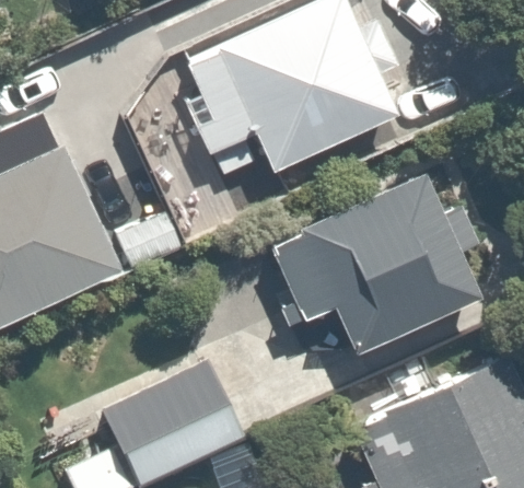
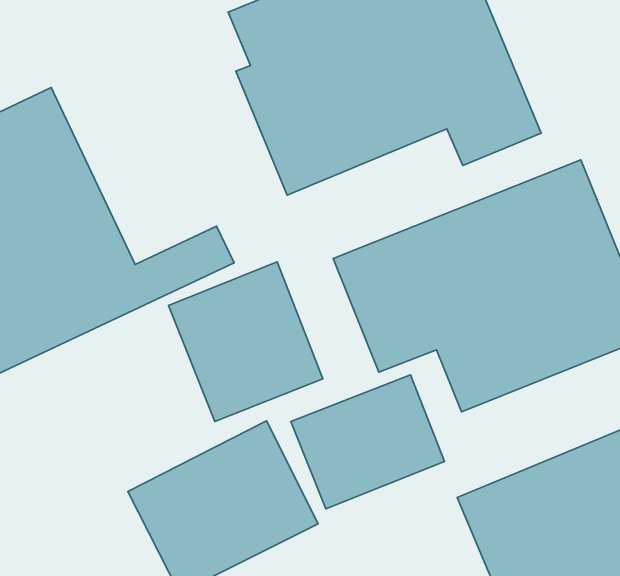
building: none -> [168,262,323,421]
building: none -> [291,375,445,509]

